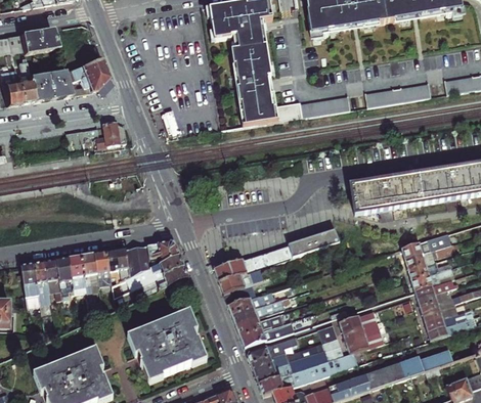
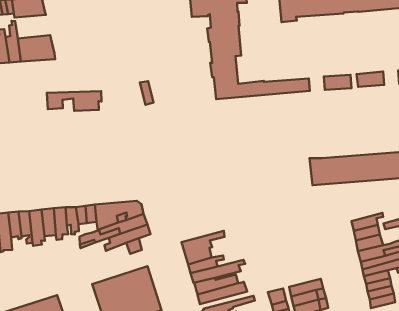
building: [64,56,108,94] -> none
building: [216,226,343,281] -> none

